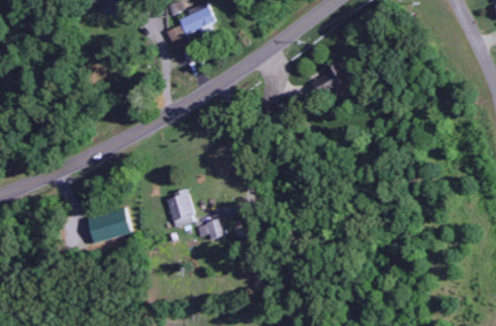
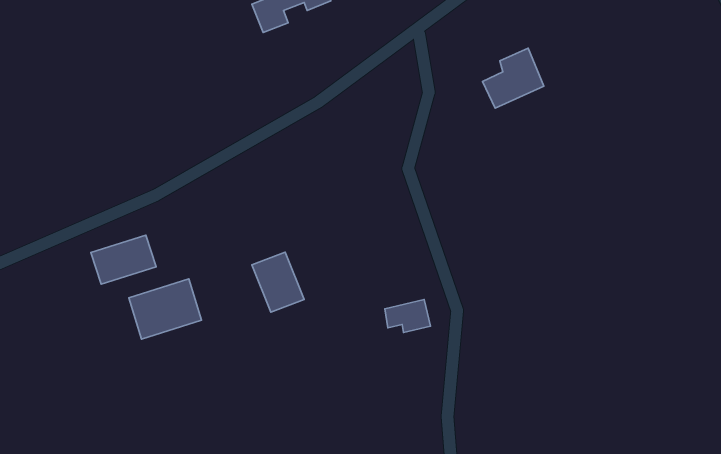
building: none -> [91,235,156,284]
building: [199,218,228,239] -> [385,299,430,333]

